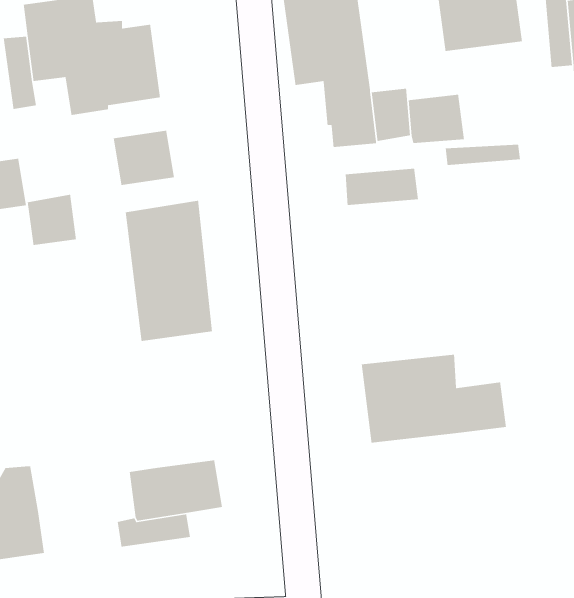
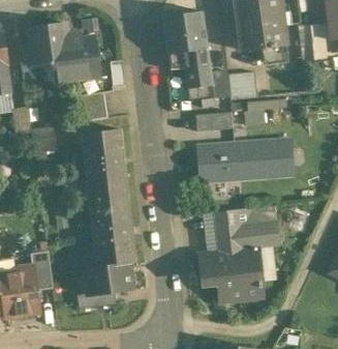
building: none -> [197,138,294,181]
building: none -> [90,196,134,266]
building: none -> [199,249,265,300]
building: none -> [31,250,53,289]

